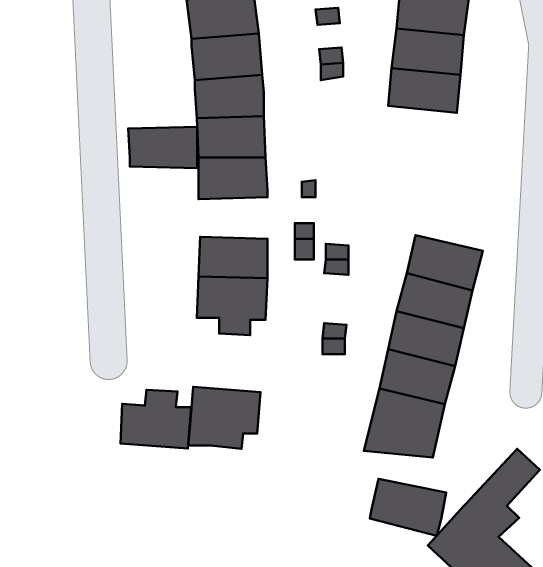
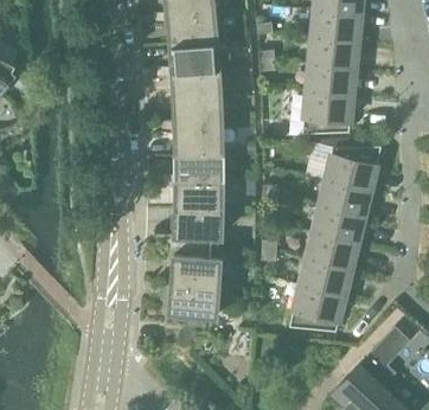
building: none -> [303,89,354,133]
building: [128,127,197,168] -> [177,152,224,180]
building: none -> [326,145,383,188]
building: [121,390,191,449] -> [173,245,222,286]
building: [370,479,446,536] -> none

